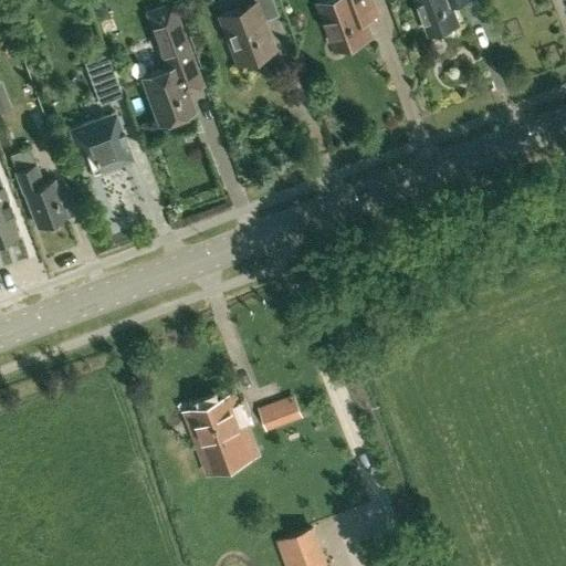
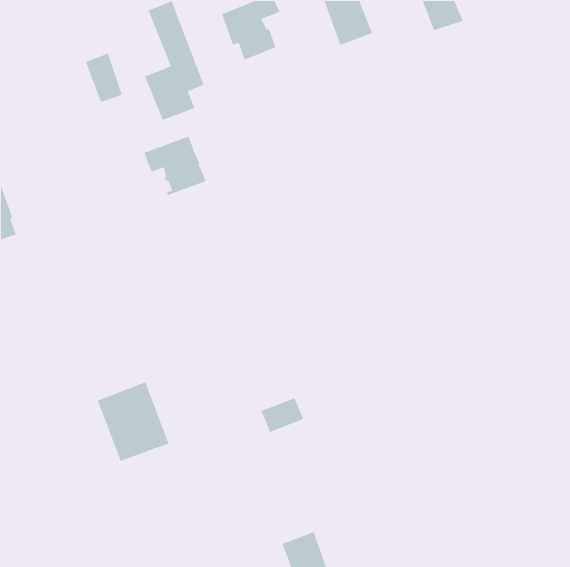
building: [71,115,134,175] -> [143,136,207,196]
building: [10,149,67,229] -> none
building: [186,395,258,474] -> [97,381,169,462]

